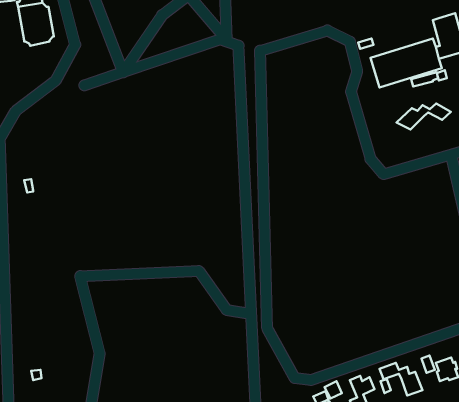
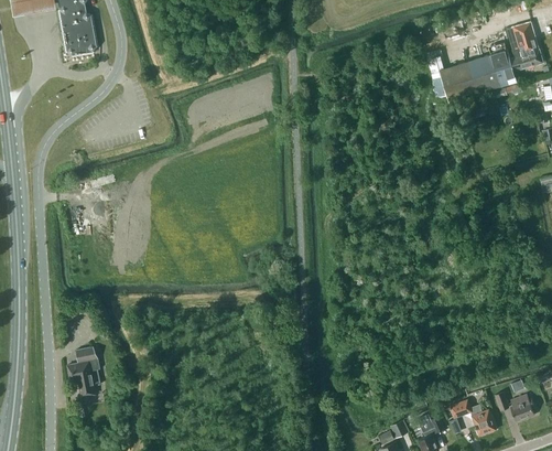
building: [396,104,451,130] -> none
building: none -> [67,346,101,396]

